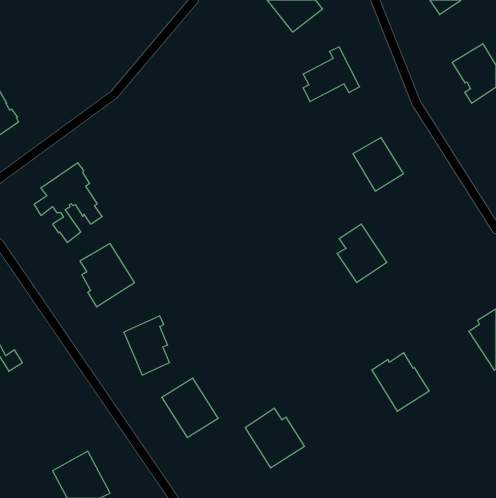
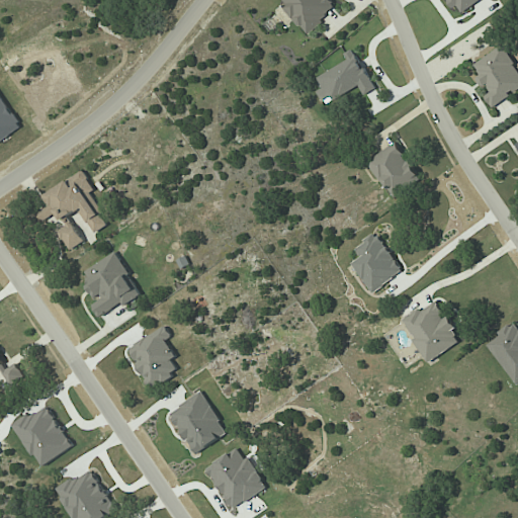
building: [372,353,429,411] -> [401,301,460,362]
building: none -> [13,405,72,467]
building: [245,408,305,468] -> [205,448,267,510]

